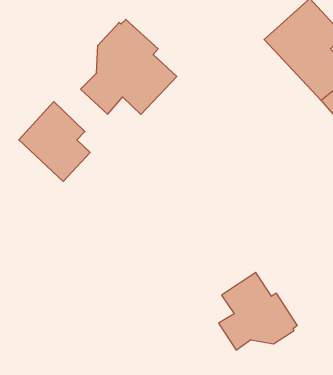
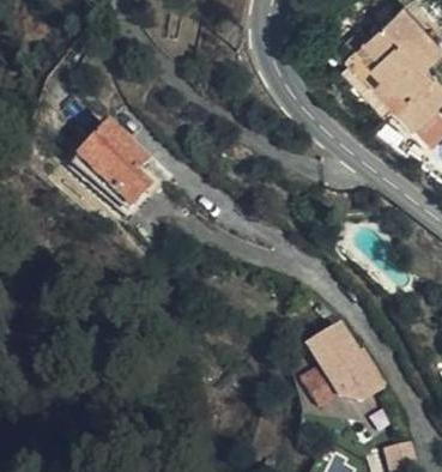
building: [81,19,177,114] -> none

